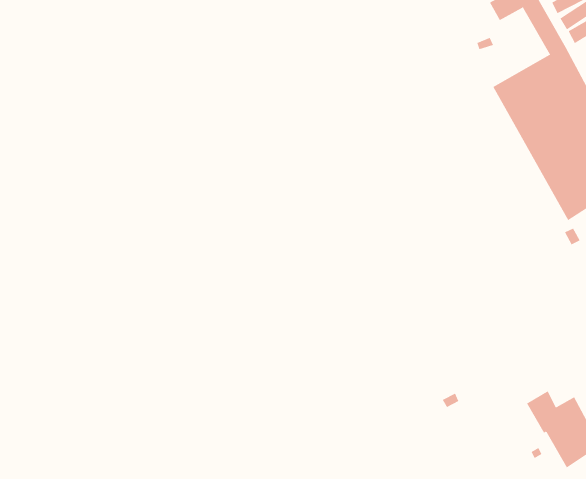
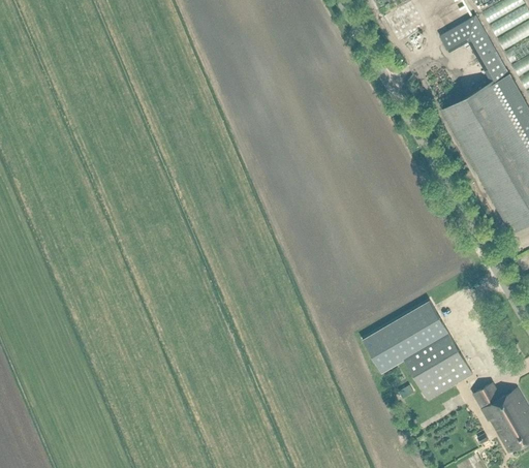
building: none -> [362,300,473,400]

